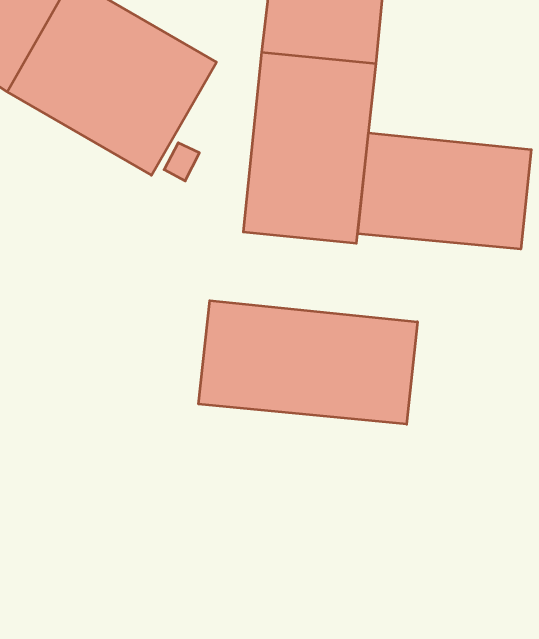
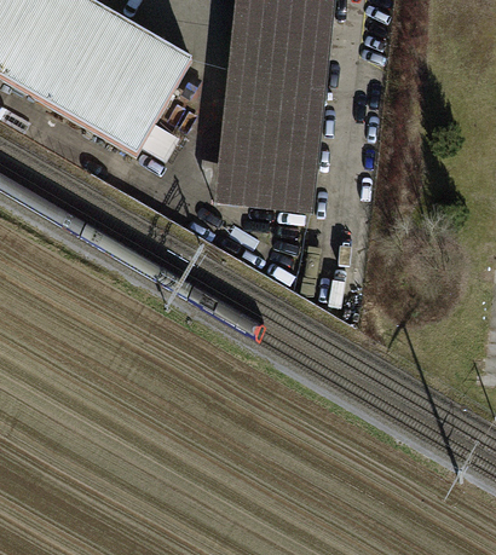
building: [358,133,531,249] -> none
building: [199,301,417,424] -> none

